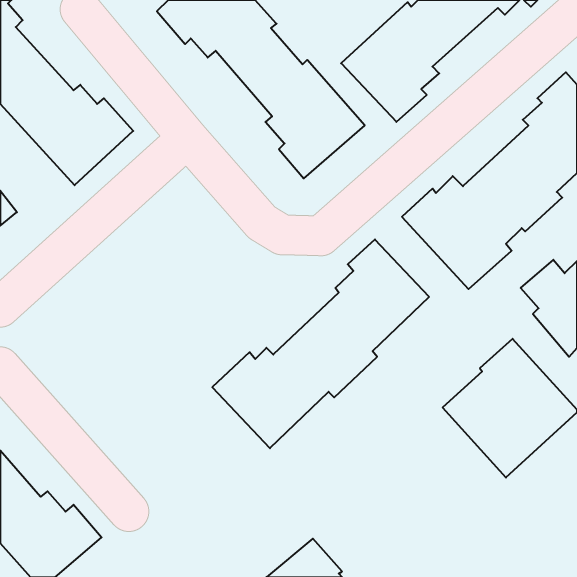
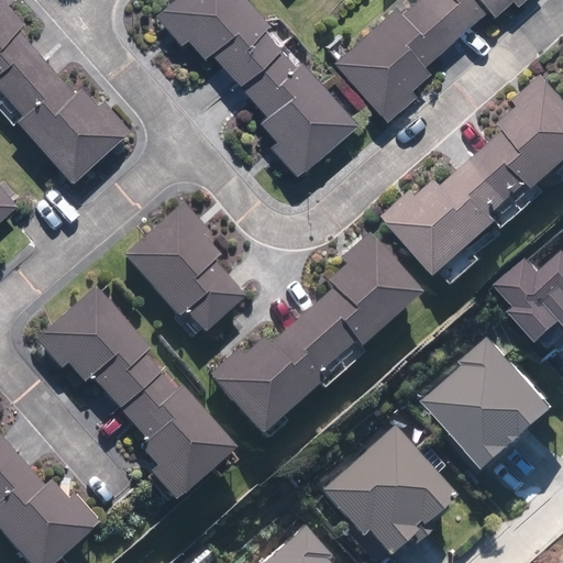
building: none -> [121,201,243,336]
building: none -> [31,286,235,500]
building: none -> [320,426,454,551]

